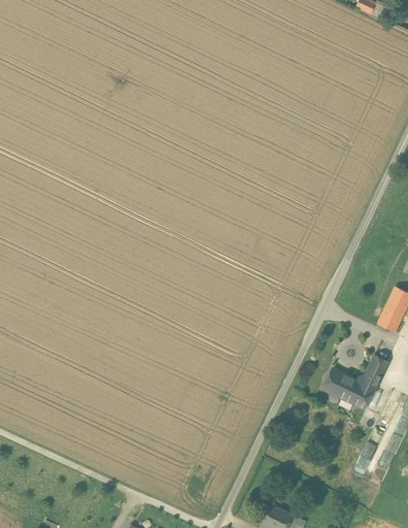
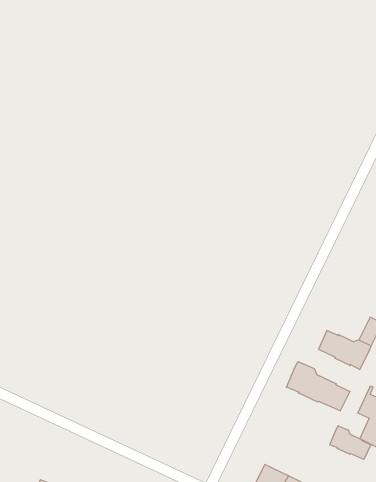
building: none -> [286,362,350,411]
building: none -> [330,426,371,459]

